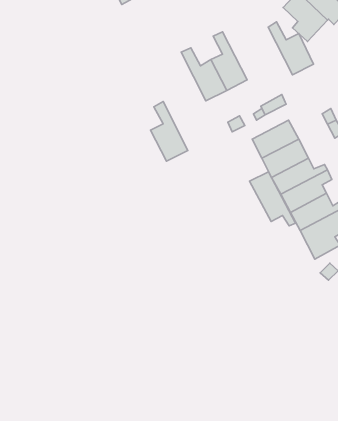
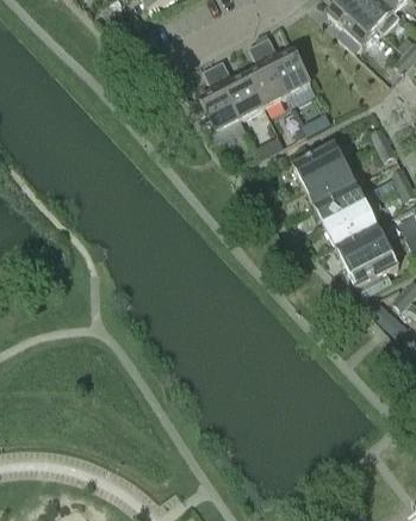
building: [268,22,314,75] -> [259,36,310,95]
building: [151,102,188,161] -> [198,64,240,131]
building: [250,172,295,226] -> none

